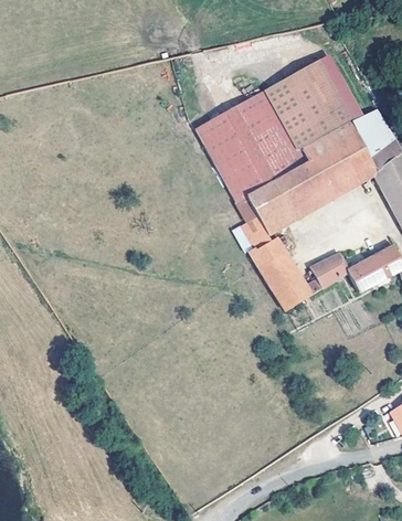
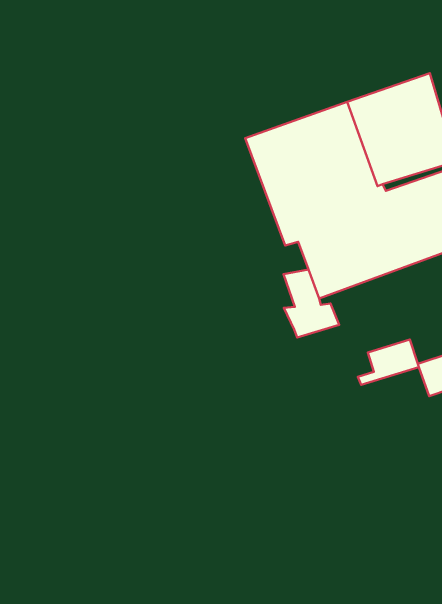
building: [257,252,309,306] -> none

